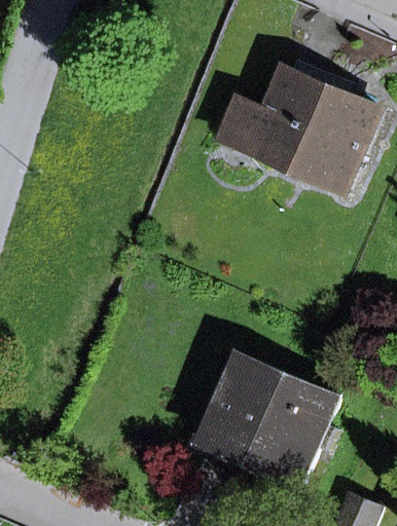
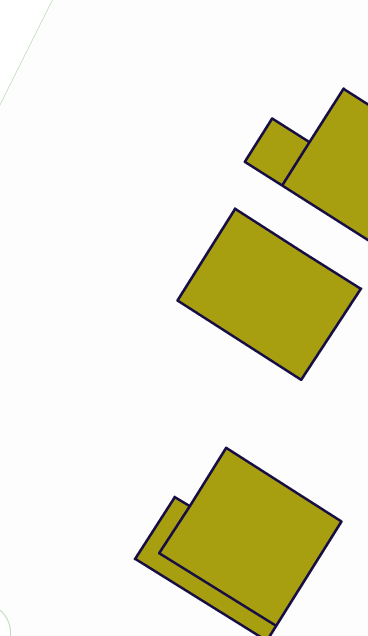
building: none -> [178,209,361,380]

